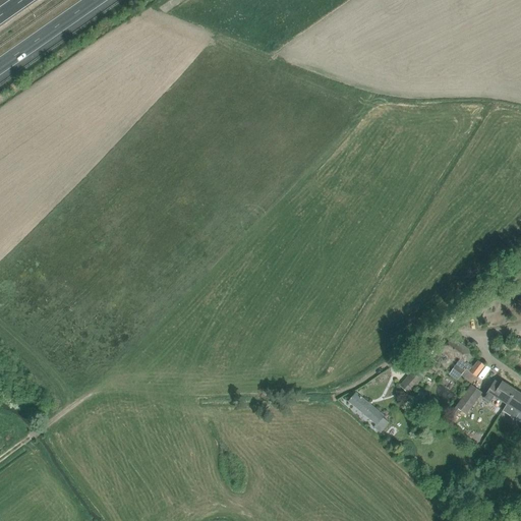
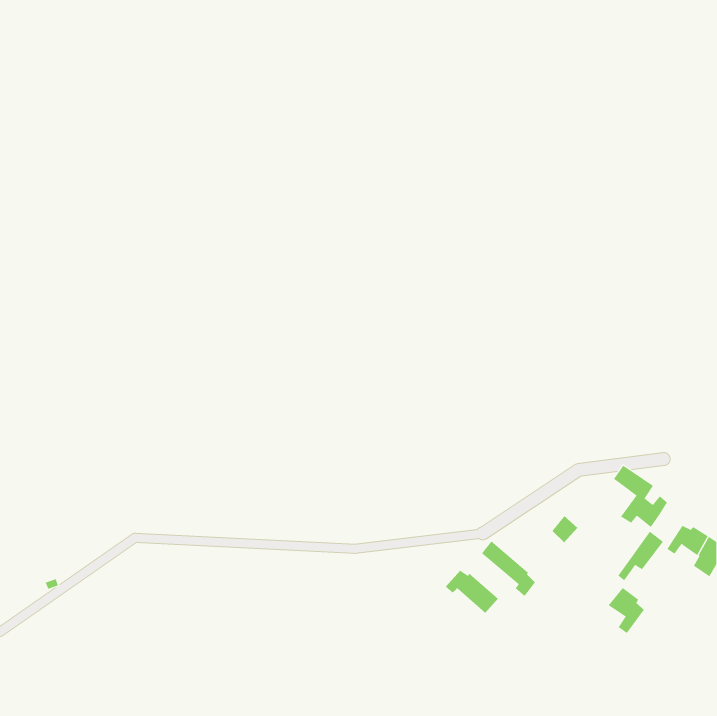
building: none -> [445,570,499,614]
building: none -> [608,587,645,634]

